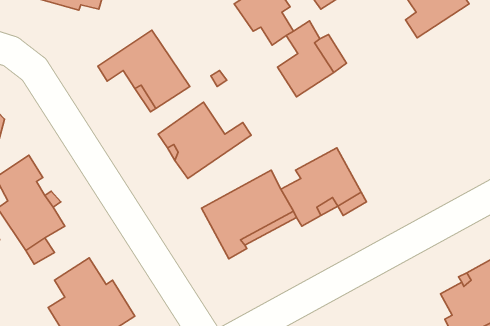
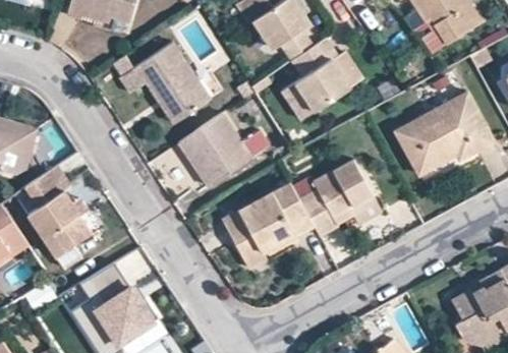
building: none -> [395,93,493,173]

